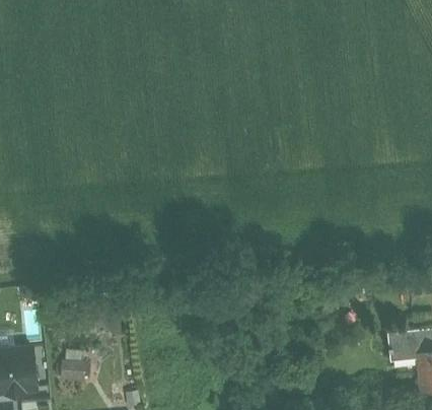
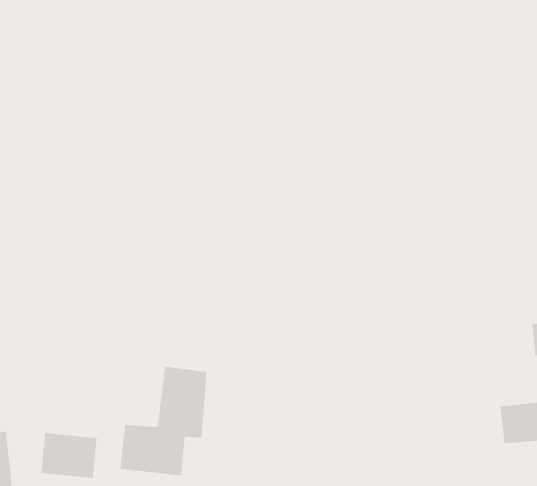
building: none -> [120,366,207,476]

